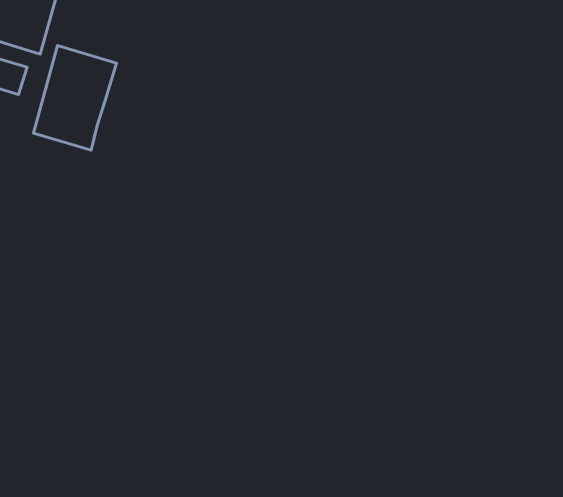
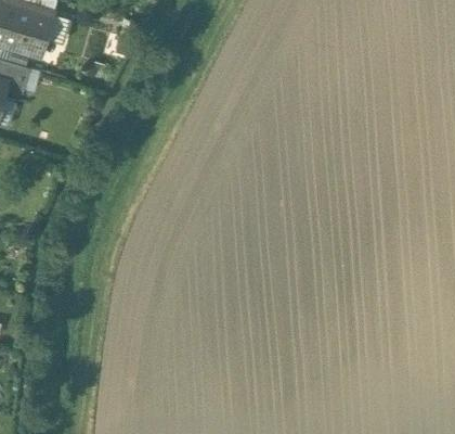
building: [34,45,116,150] -> none

